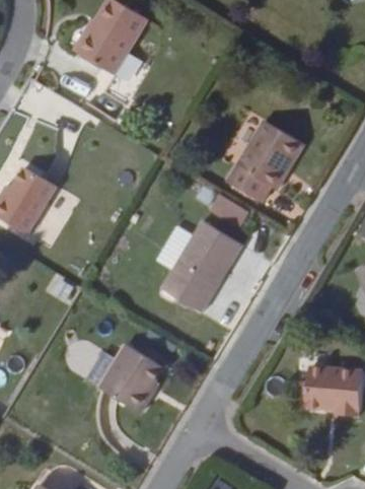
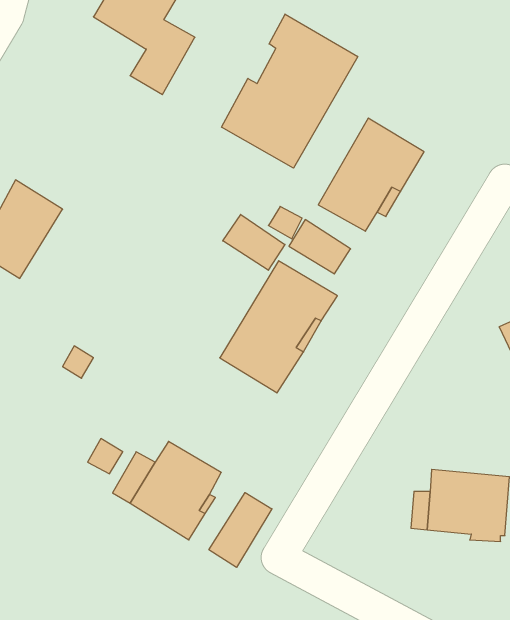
building: none -> [222,14,358,168]
building: none -> [223,214,285,270]
building: none -> [209,493,272,567]

